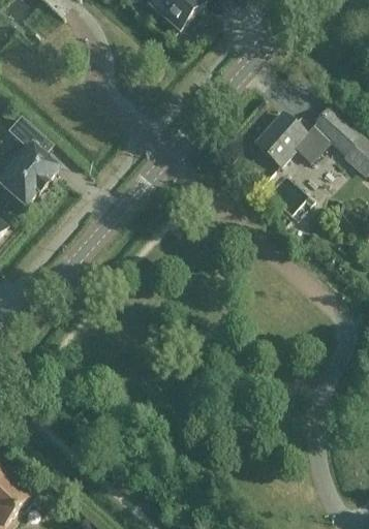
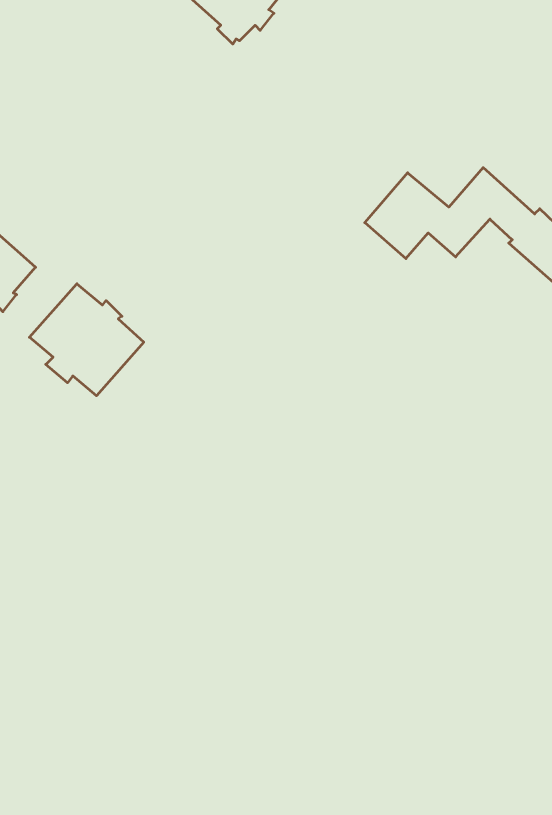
building: none -> [29,284,144,396]

